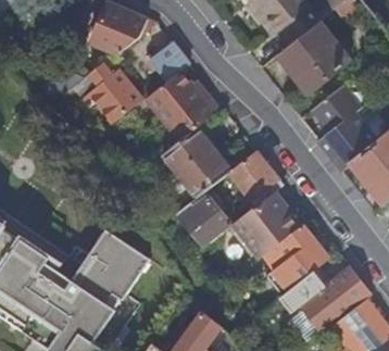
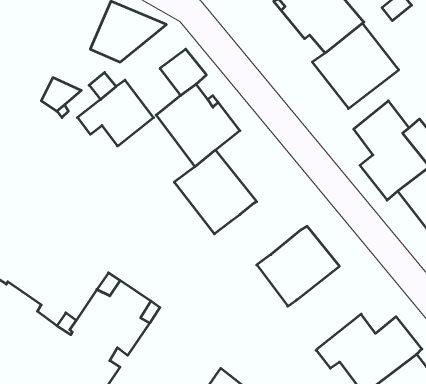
building: [228,150,283,199] -> none
building: [175,187,229,247] -> none
building: [264,224,327,294] -> none

